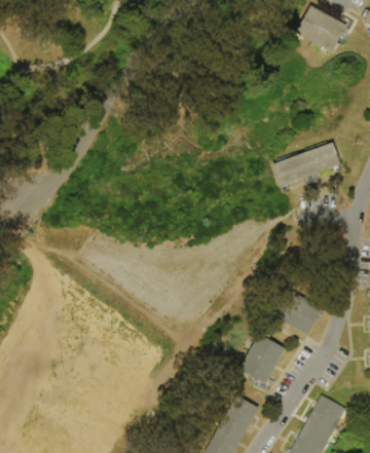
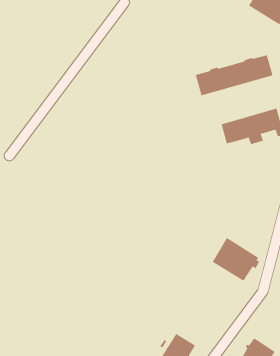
building: none -> [195,54,273,96]
building: [238,334,285,393] -> none

